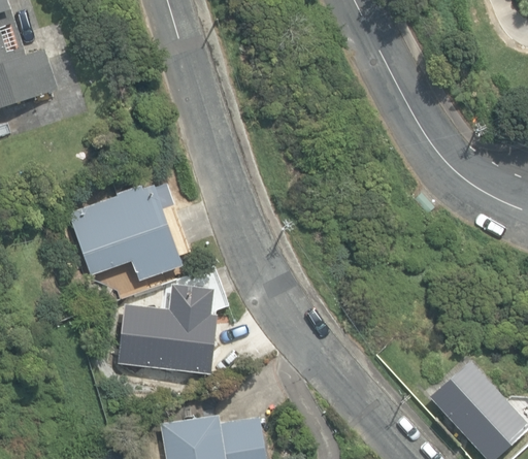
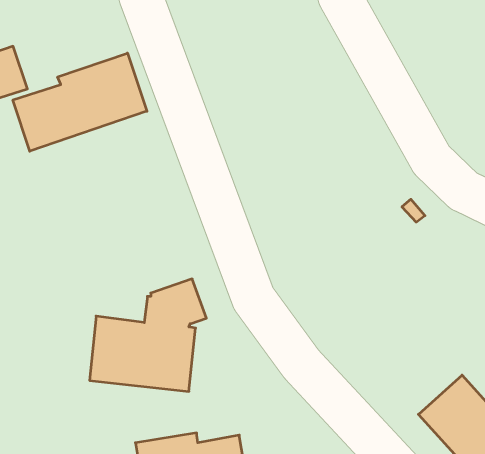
building: none -> [13,53,147,151]
building: [68,185,182,281] -> none

